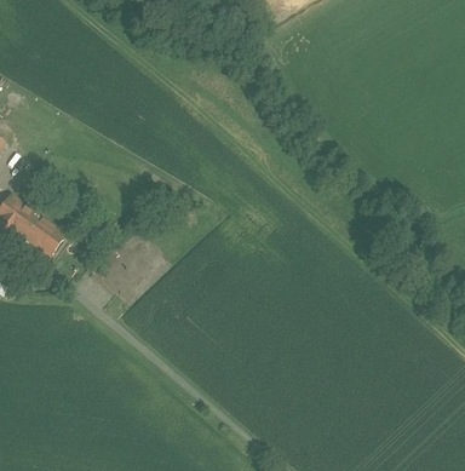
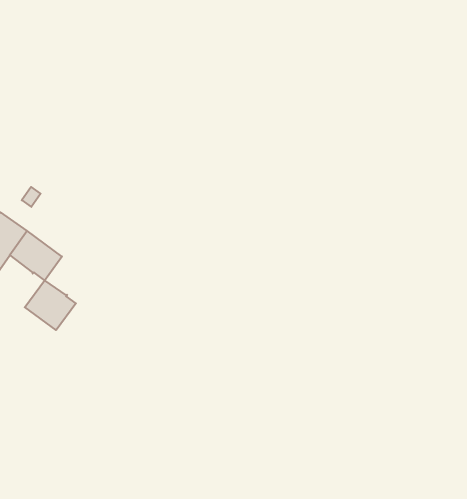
building: none -> [25,280,76,330]

